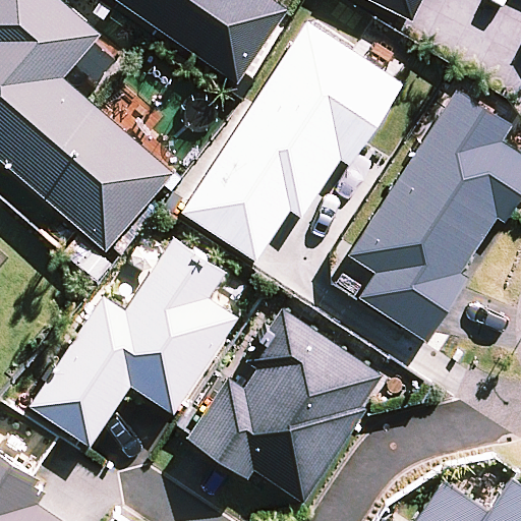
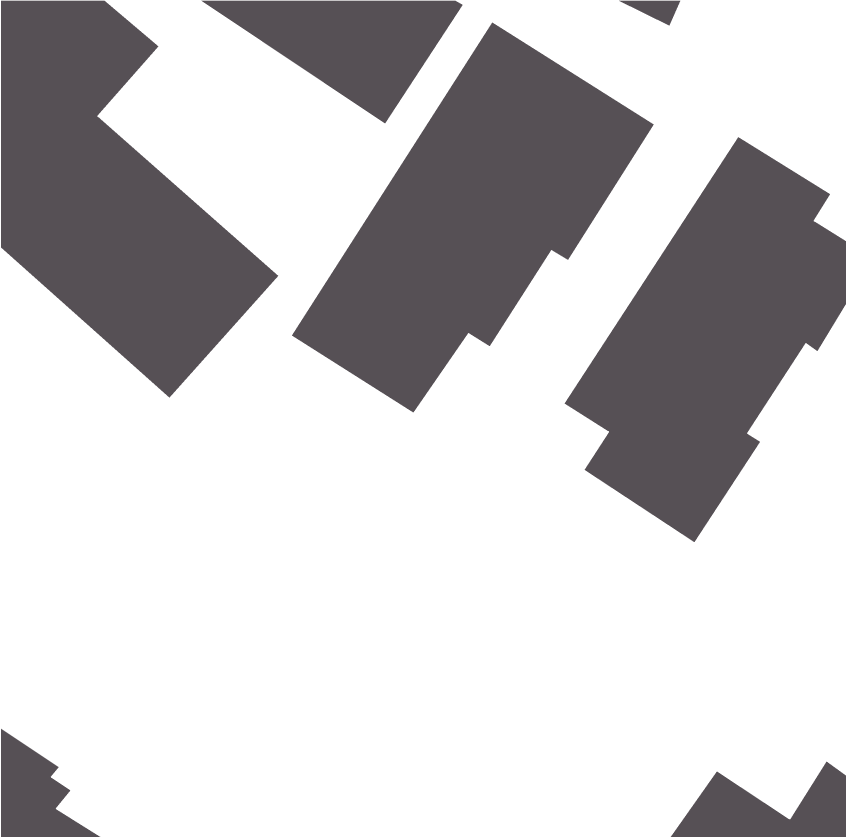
building: [28,237,238,446] -> none
building: [184,307,382,501] -> none

